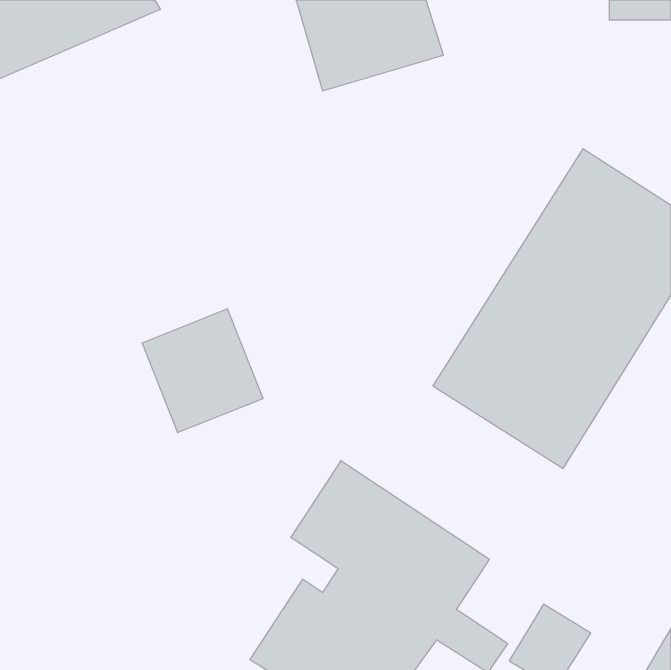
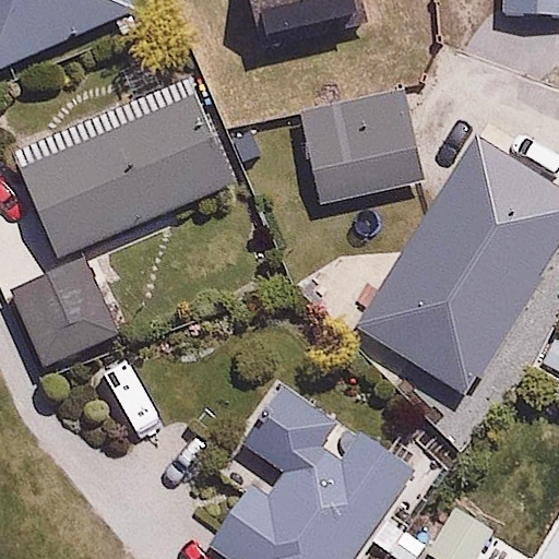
building: none -> [14,78,234,257]
building: none -> [305,92,420,205]
building: [142,309,263,433] -> [12,263,112,366]

